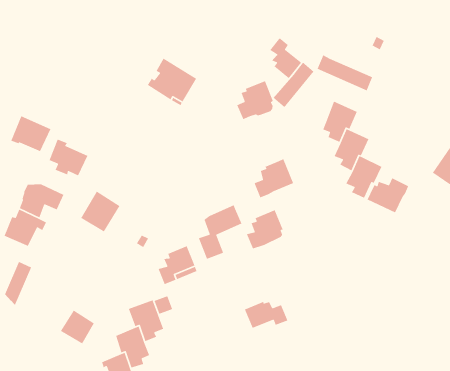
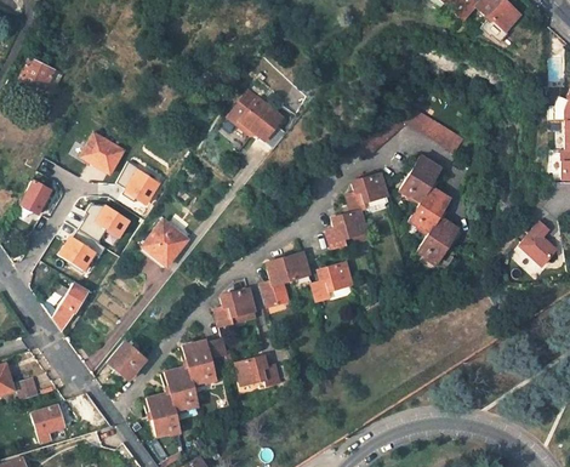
building: [269,37,302,79] -> none
building: [236,80,274,120] -> [349,175,389,213]
building: [366,177,409,213] -> none
building: [244,301,288,329] -> [236,358,281,386]

